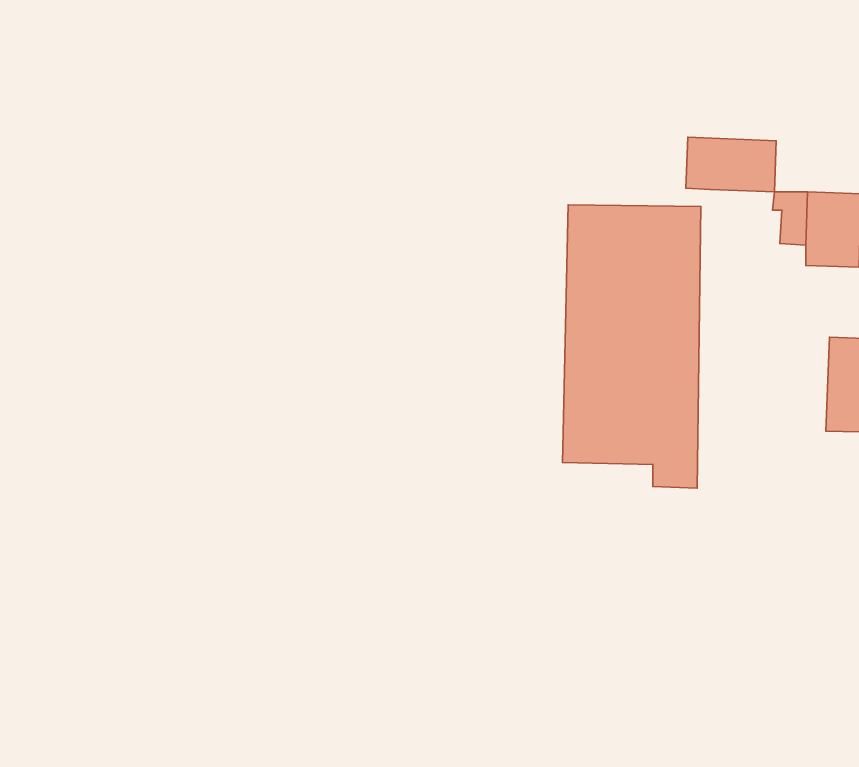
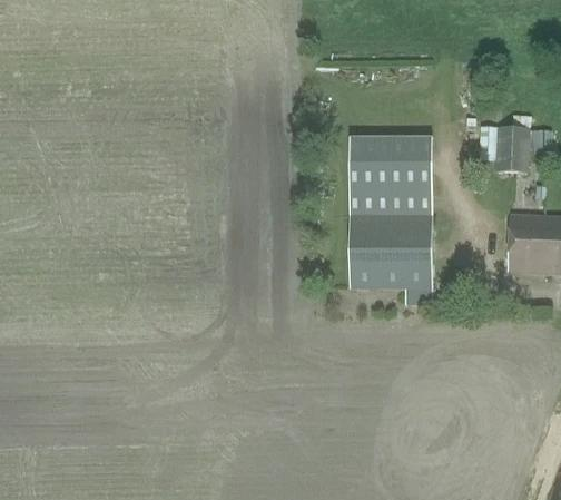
building: [686,137,776,192] -> none

